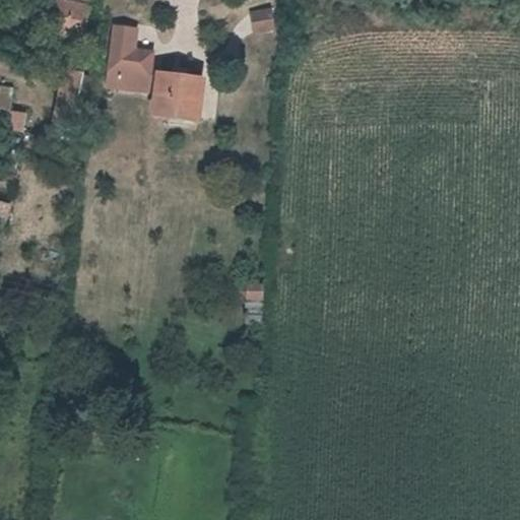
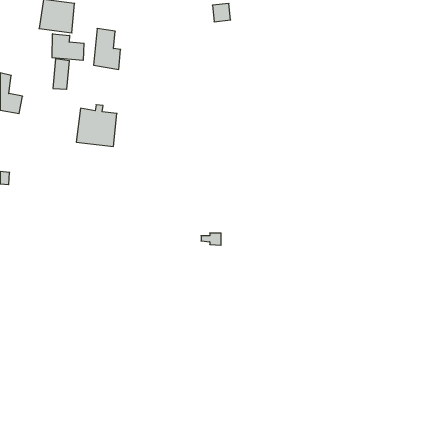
building: none -> [52,34,84,60]
building: [152,69,200,118] -> [76,105,117,146]

